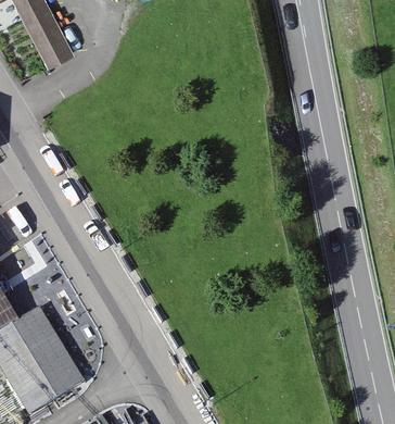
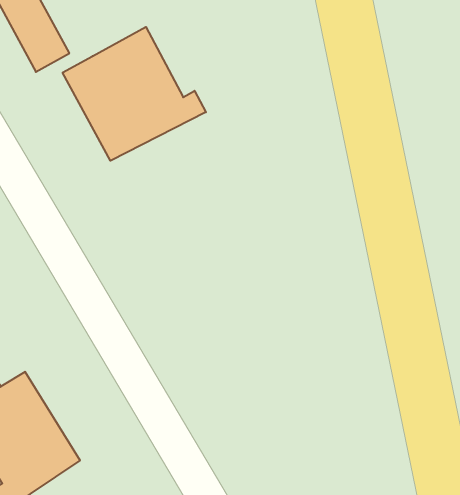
building: none -> [63,27,206,161]

